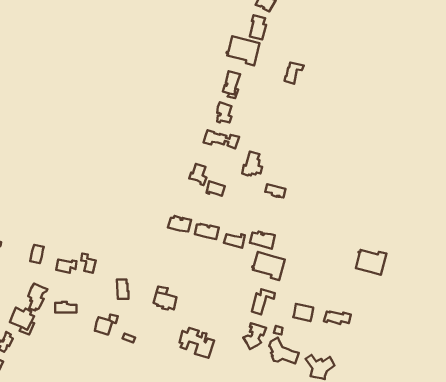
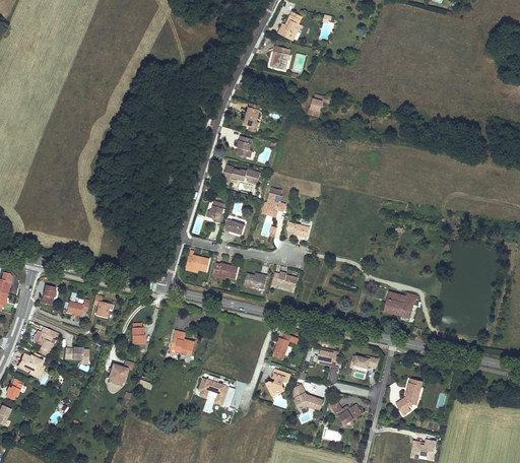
building: [226,36,260,65] -> none
building: [252,252,285,280] -> none
building: none -> [396,378,421,415]

